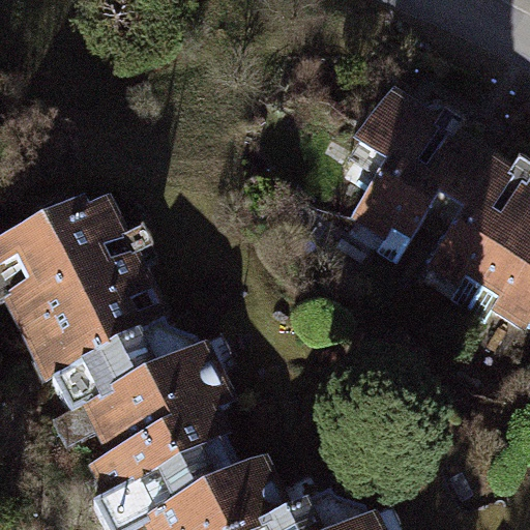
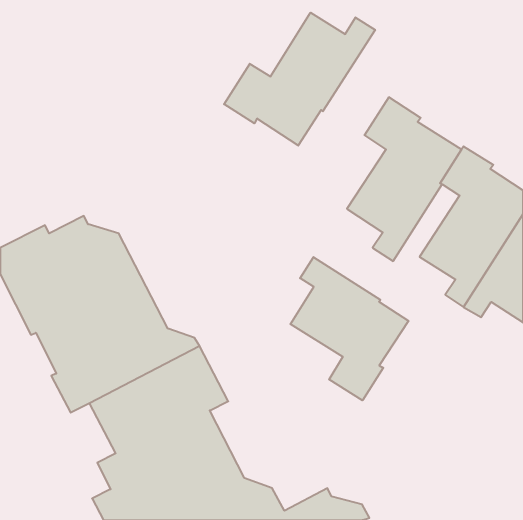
building: none -> [224,13,375,146]
building: none -> [290,257,408,400]

